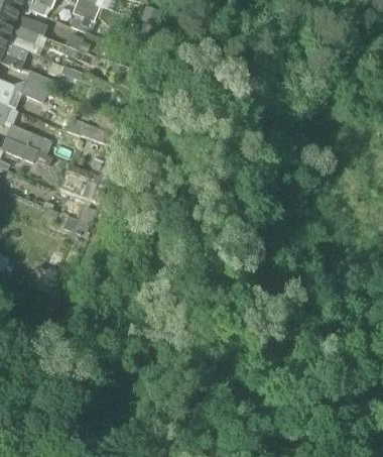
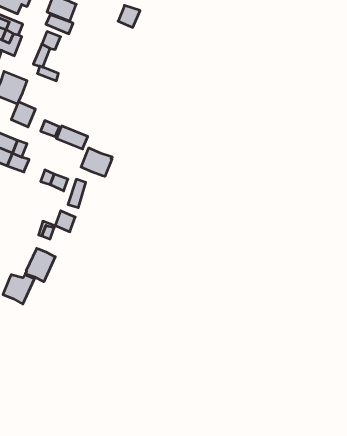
building: none -> [81,148,112,176]
building: none -> [25,248,55,282]

